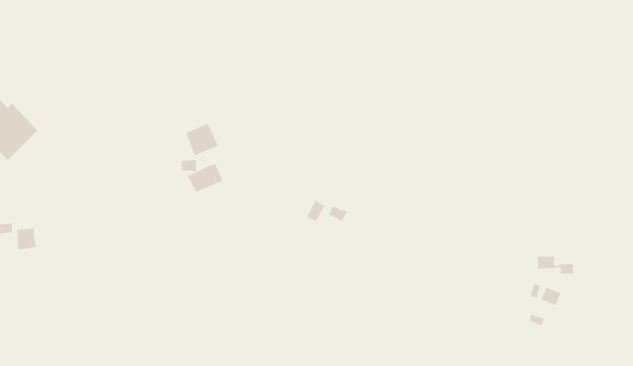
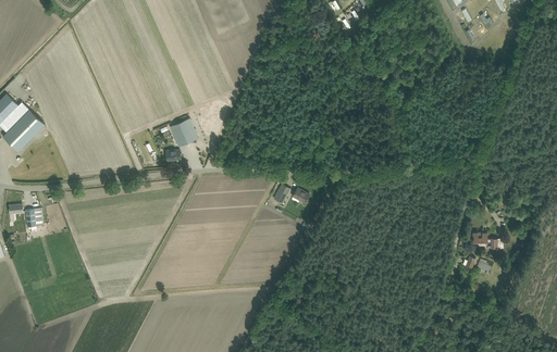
building: [187,163,223,193] -> none

